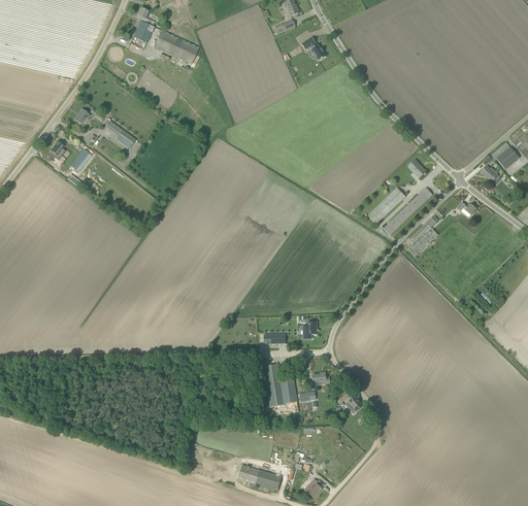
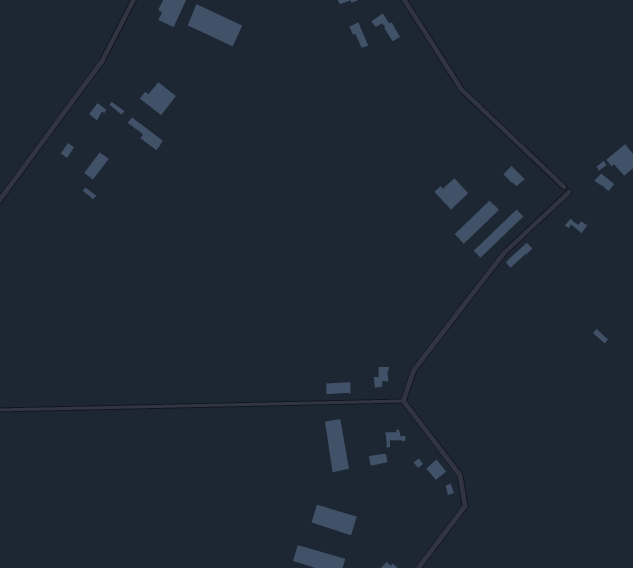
building: none -> [139,81,177,116]
building: none -> [433,178,469,210]
building: none -> [311,504,358,536]

